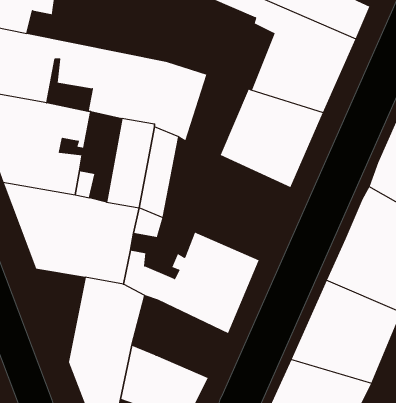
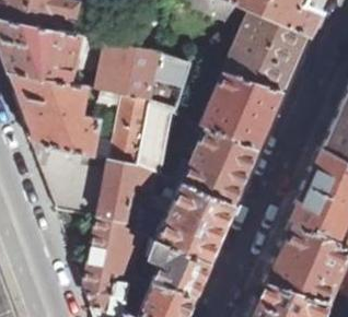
building: none -> [185,125,259,206]
building: none -> [151,236,211,296]

